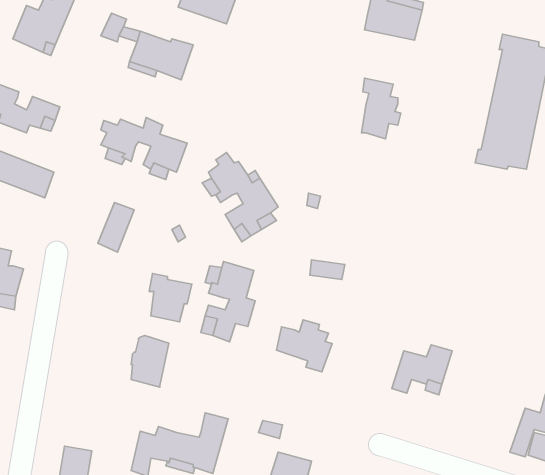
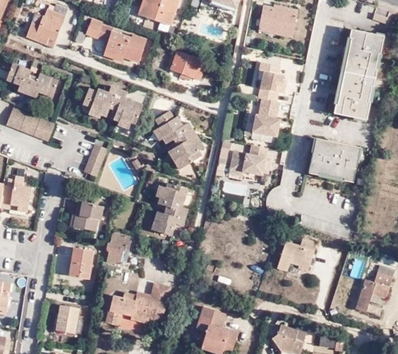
building: none -> [170,52,206,80]
building: none -> [251,98,277,135]
building: none -> [306,141,356,184]
building: none -> [229,144,268,174]
building: [149,273,192,322] -> [75,199,103,231]
building: [277,320,332,372] -> none
building: none -> [71,248,95,280]

